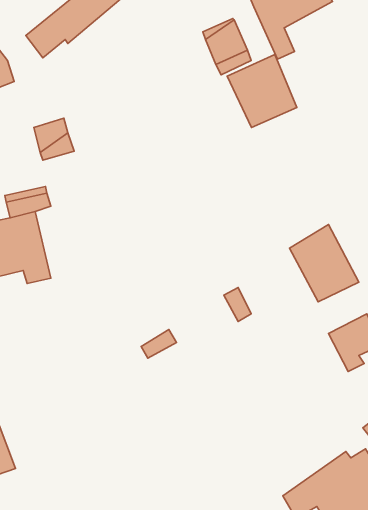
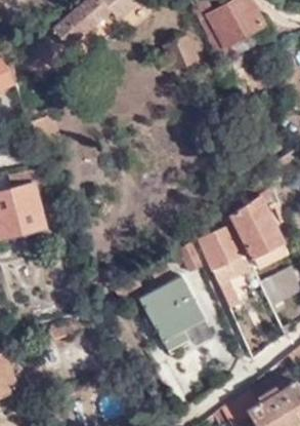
building: [227,54,297,127] -> none
building: none -> [199,229,249,313]
building: none -> [141,276,208,350]

